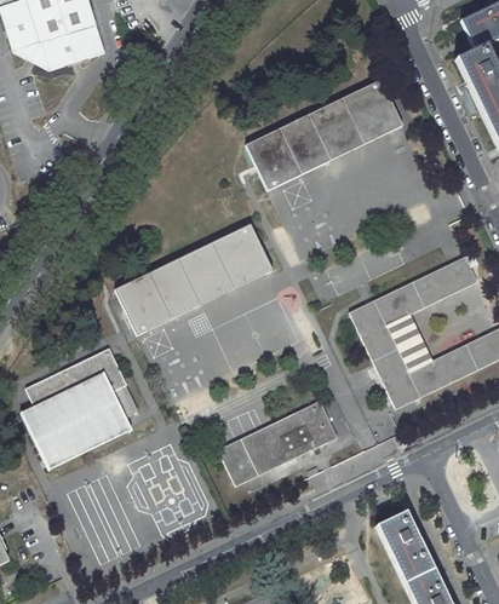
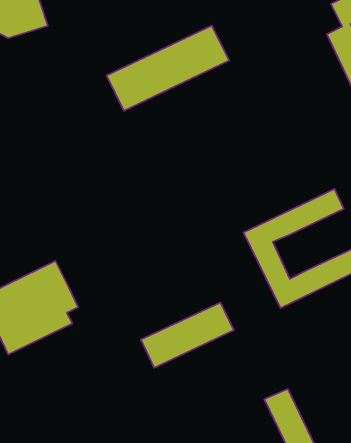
building: [247,80,403,189] -> [107,25,229,111]
building: [116,224,271,332] -> none
building: [388,313,431,370] -> none

